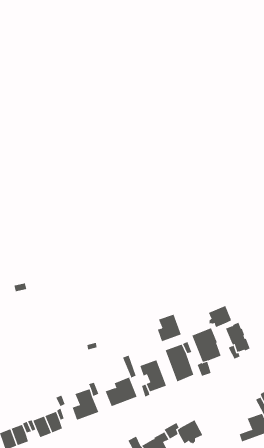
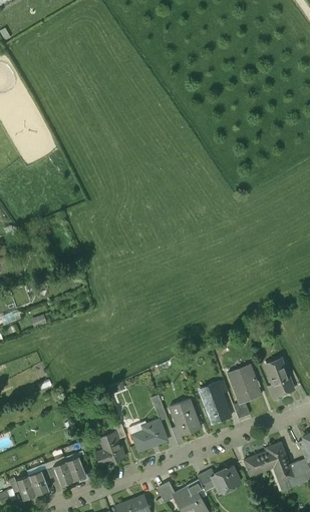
building: [208,305,232,328] -> none
building: [157,314,182,342] -> none
building: none -> [244,442,293,481]

